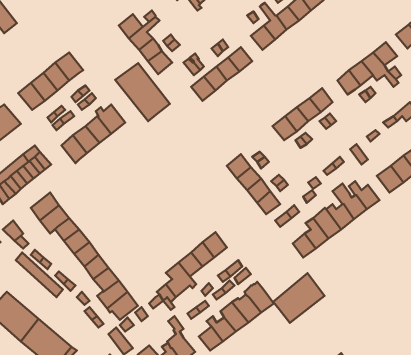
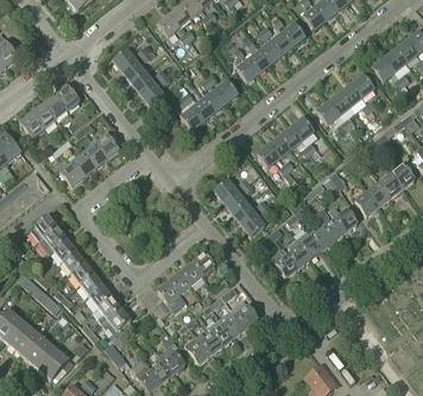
building: [115,63,170,121] -> none
building: [273,273,324,323] -> none

